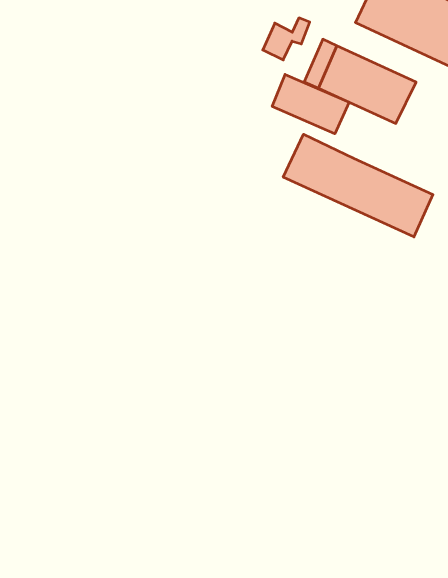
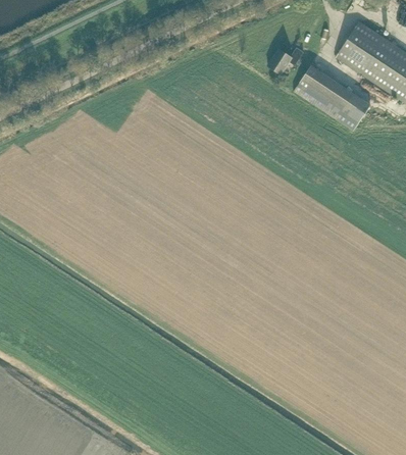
building: [272,74,349,134] -> none
building: [283,134,433,237] -> none

